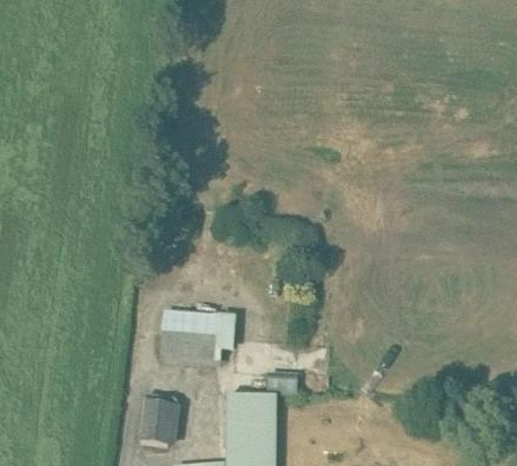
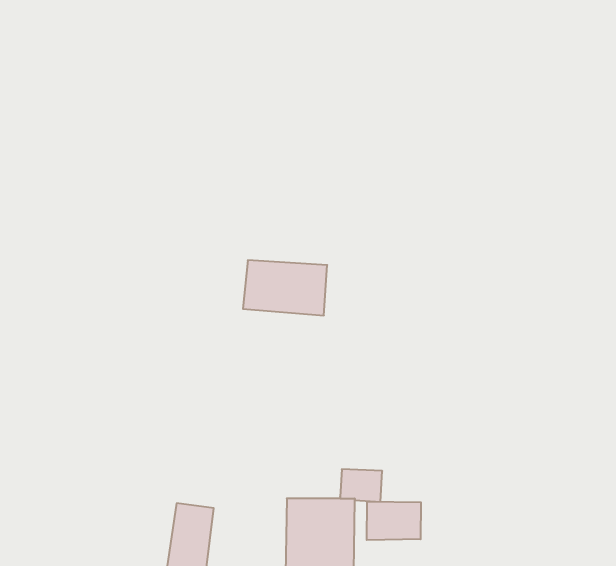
building: [157,316,219,357] -> [243,260,327,315]
building: none -> [367,501,421,540]

